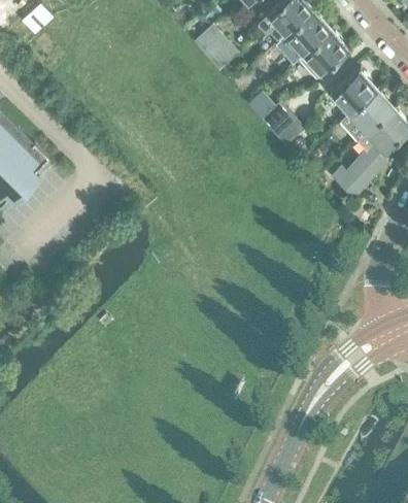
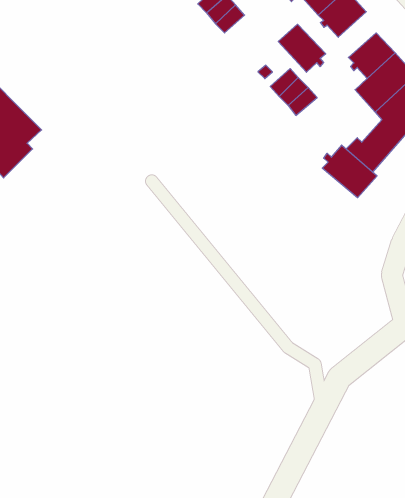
building: none -> [278,24,326,72]
building: none -> [322,145,377,198]

